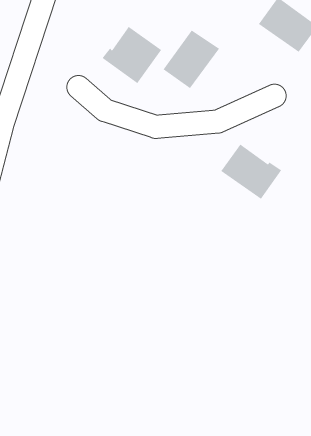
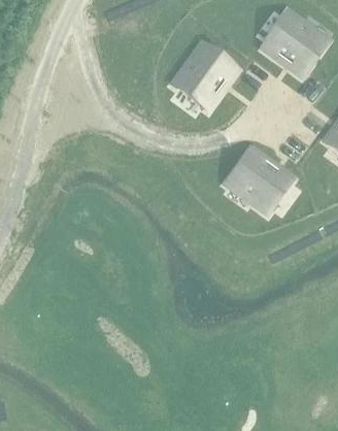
building: [101,26,162,84] -> none

